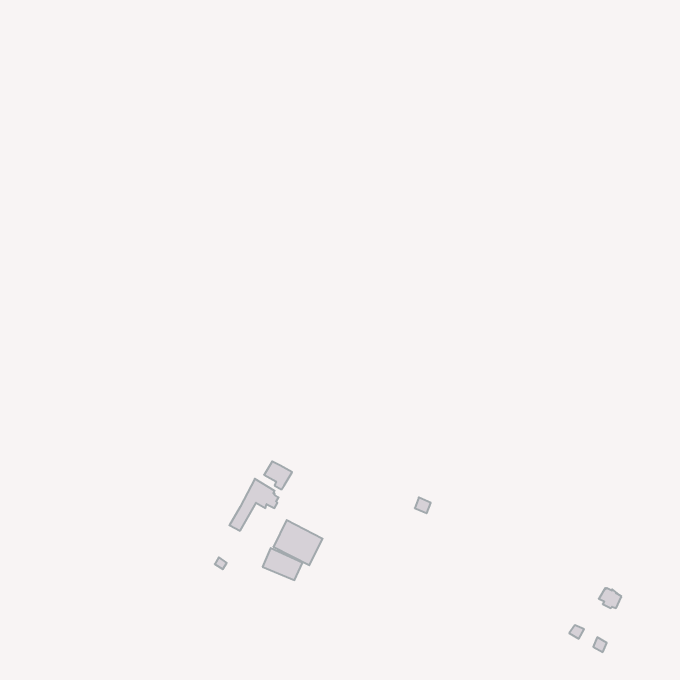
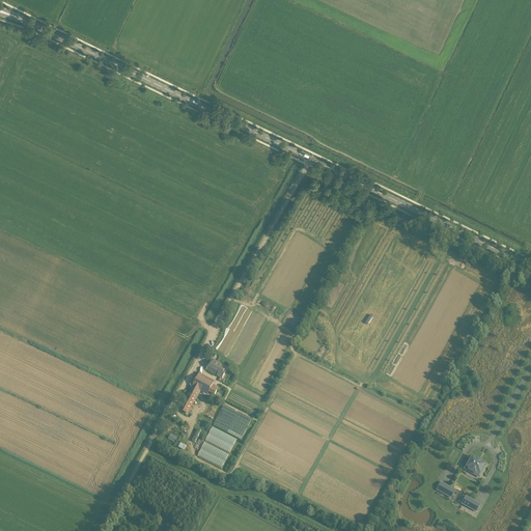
building: none -> [196,442,227,467]

